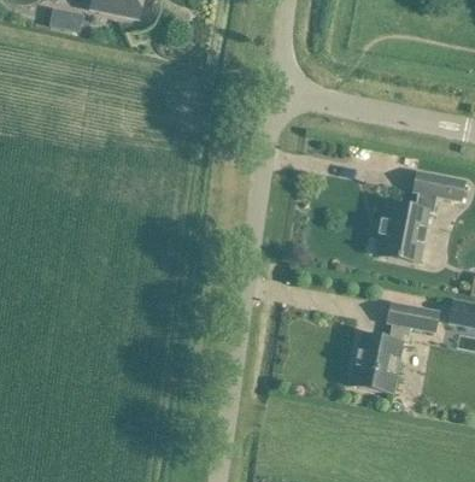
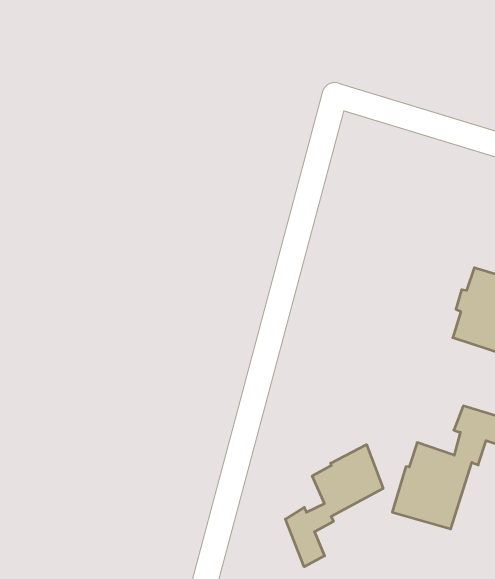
building: none -> [285,445,383,567]

